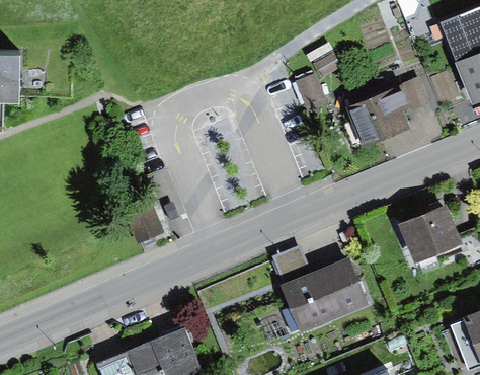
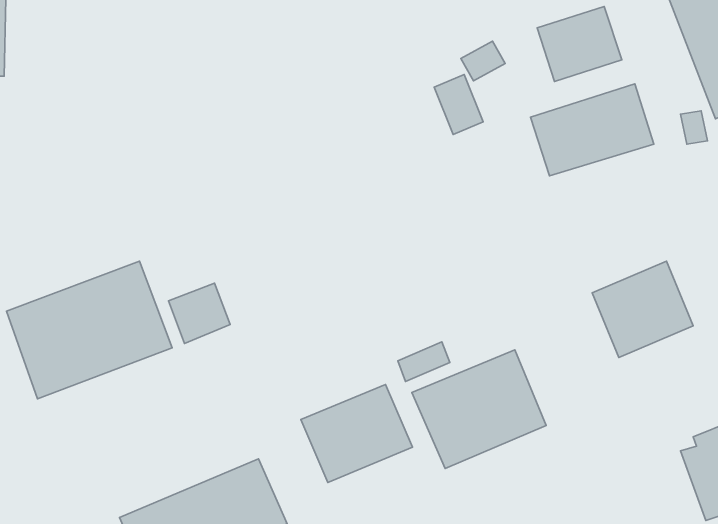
building: none -> [537,7,622,81]
building: none -> [6,261,172,399]
building: none -> [301,384,413,482]

